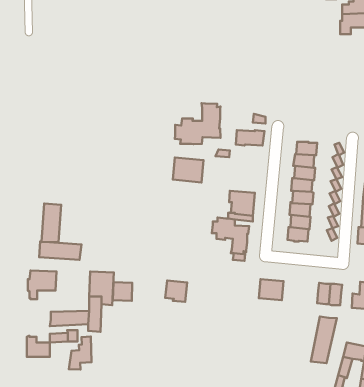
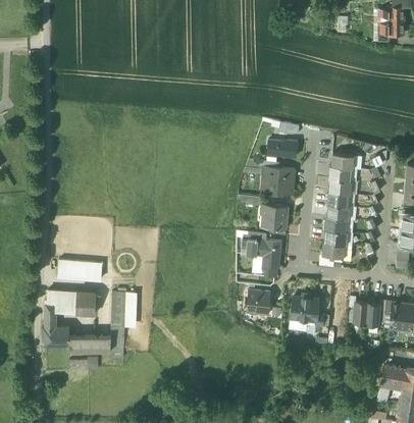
building: [175,103,220,144] -> none
building: [173,157,203,182] -> [262,169,295,196]
building: [41,204,61,242] -> none
building: none -> [75,292,97,313]
building: [165,281,187,302] -> [247,294,270,316]
building: [113,282,132,301] -> none
building: [311,316,337,363] -> none
building: [27,336,50,357] -> [46,320,70,342]
building: [69,336,92,369] -> none

